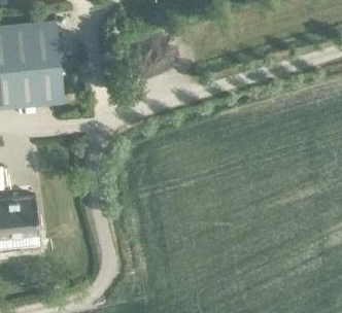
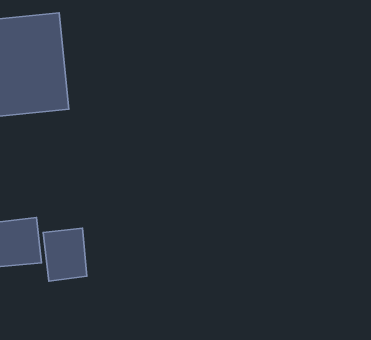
building: none -> [43,228,87,281]

